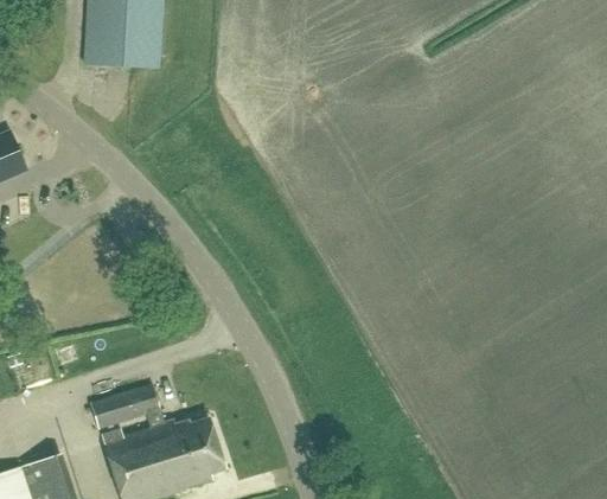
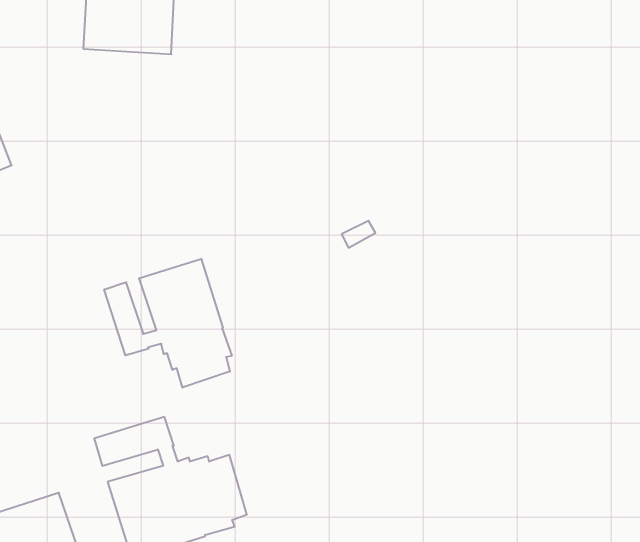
building: none -> [104,259,232,388]

